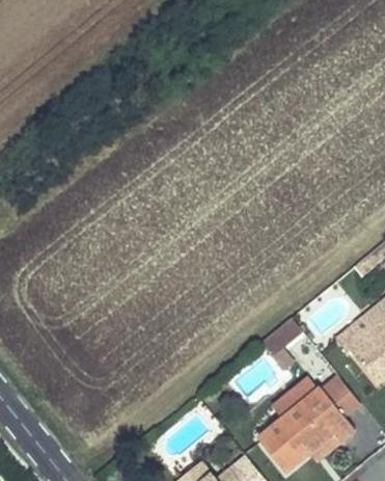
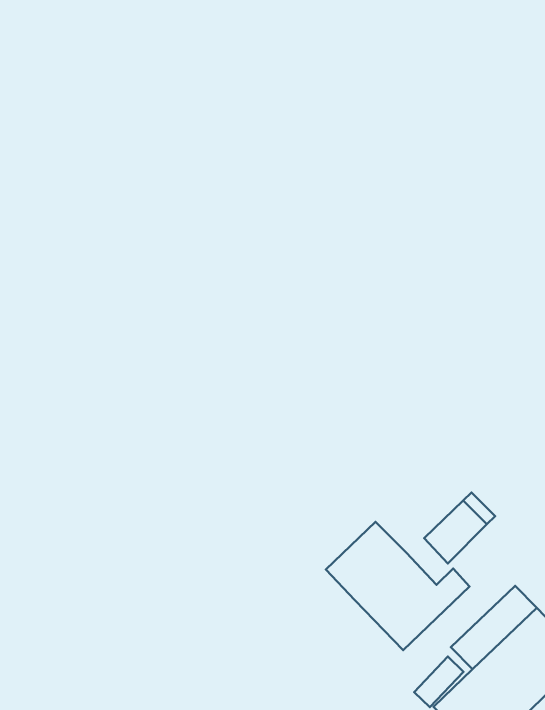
building: none -> [326,522,470,650]

